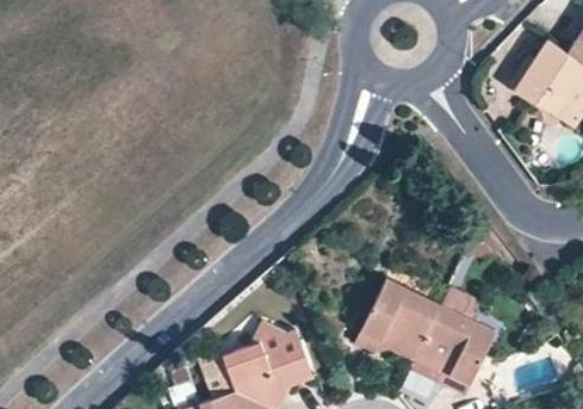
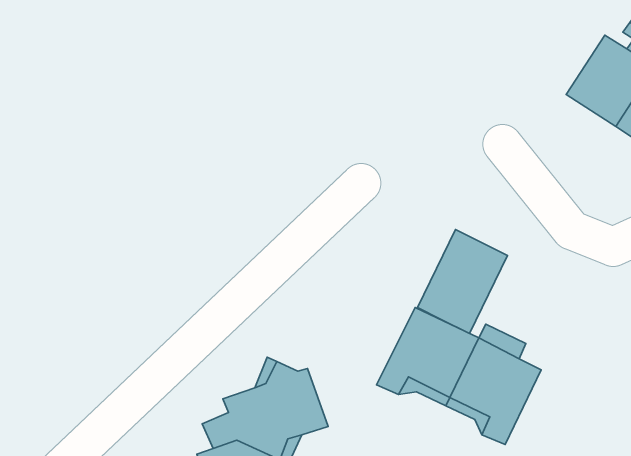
building: none -> [418,230,508,334]

